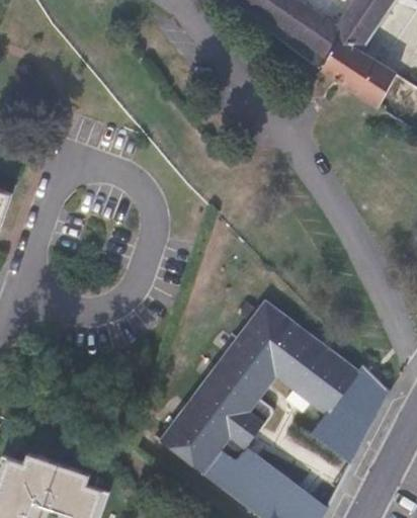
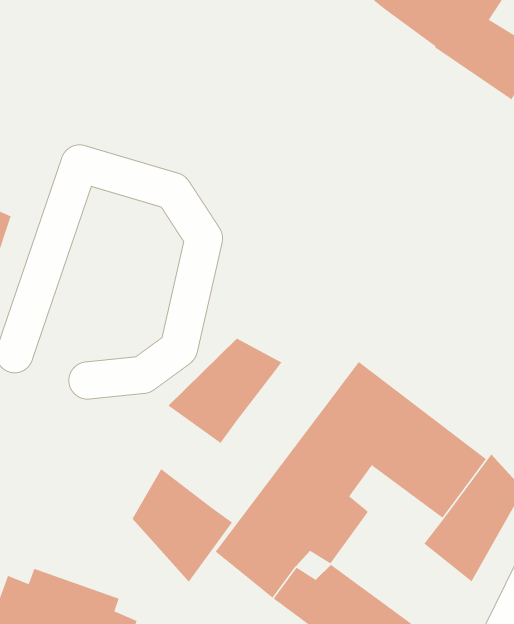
building: none -> [167,338,282,444]
building: none -> [132,468,233,583]

